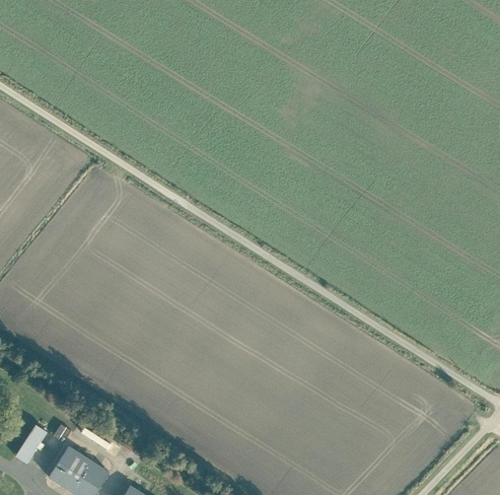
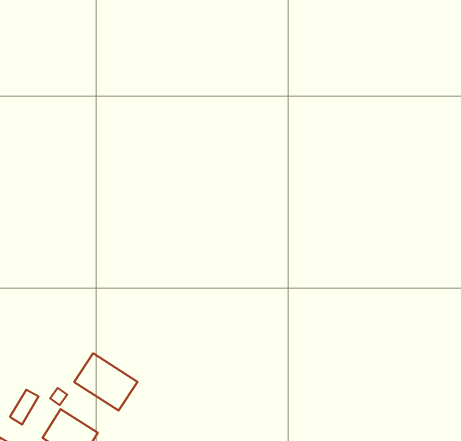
building: none -> [74,353,137,411]

